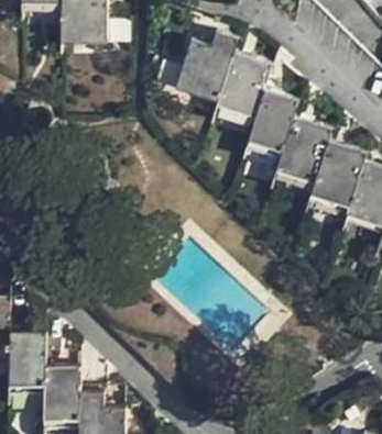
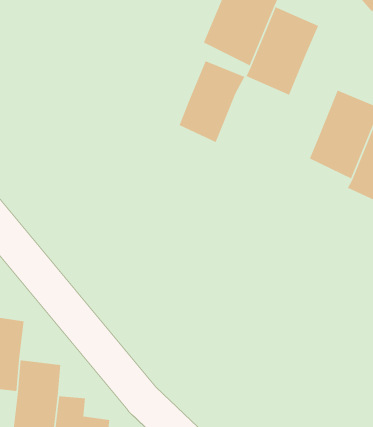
building: [245,89,298,158] -> [179,60,245,143]

